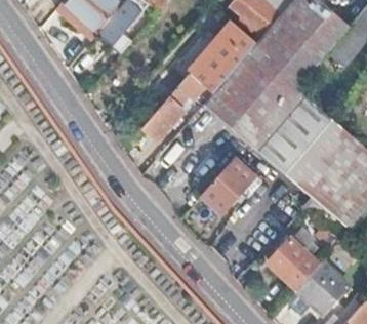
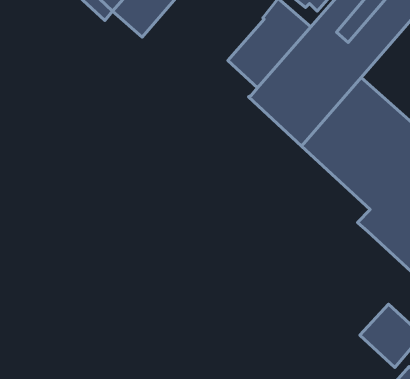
building: [142,71,214,140] -> none
building: [202,158,253,211] -> none
building: [268,230,328,288] -> none

